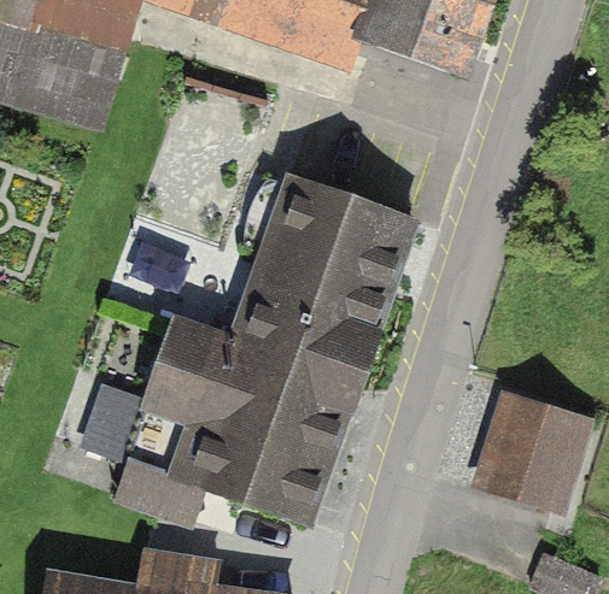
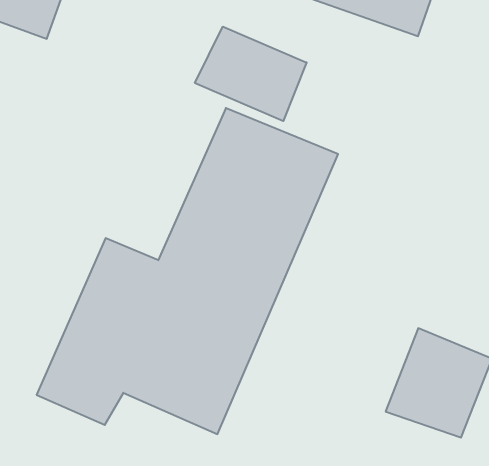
building: none -> [195,27,307,121]

